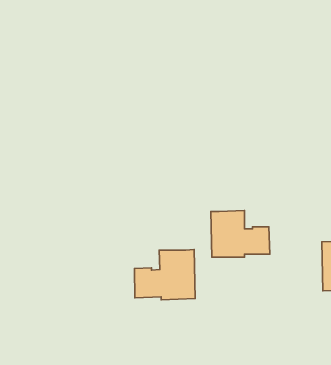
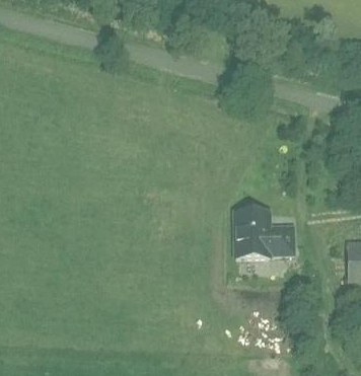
building: [134,250,195,300] -> none

